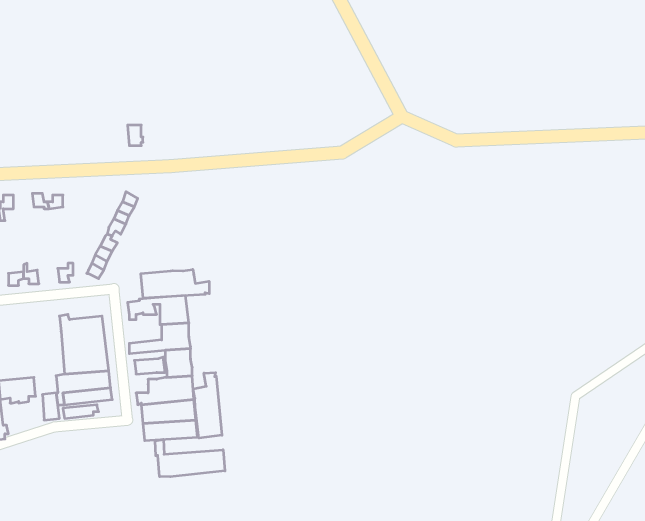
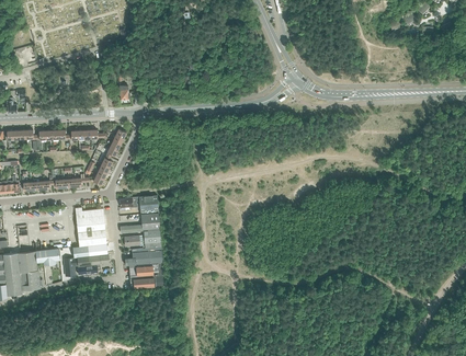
building: [141,269,209,298] -> none
building: [193,373,222,438] -> none
building: [155,439,225,477] -> none

